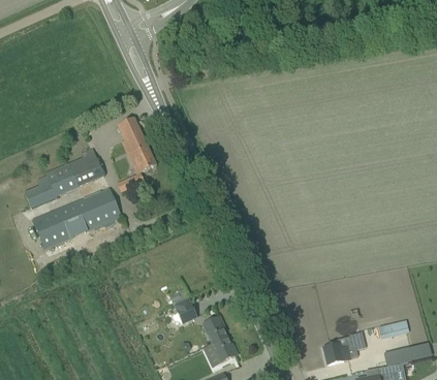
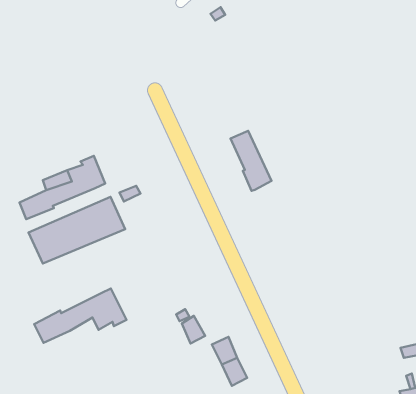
building: [118,117,156,172] -> [231,131,272,191]
building: none -> [34,288,126,343]
building: [323,332,357,363] -> none

